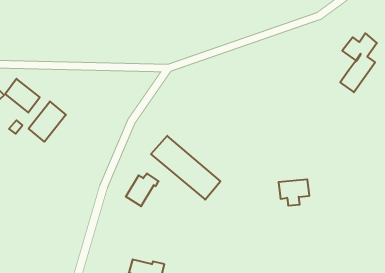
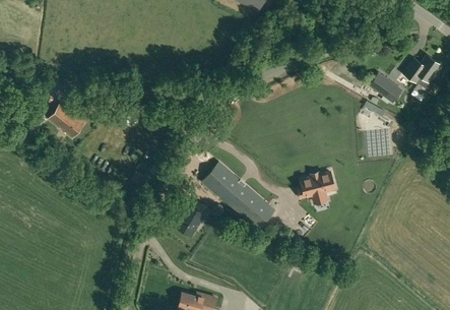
building: none -> [370,73,401,102]
building: [29,101,66,142] -> none
building: [278,179,309,205] -> [300,172,332,199]

